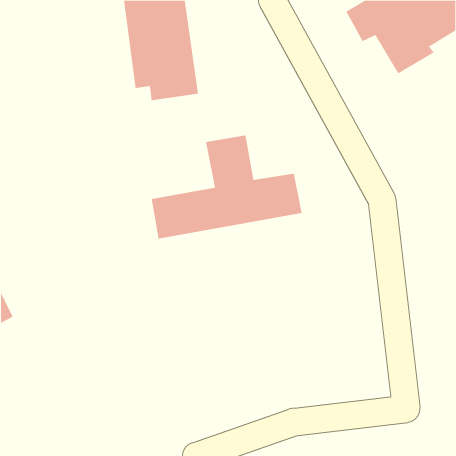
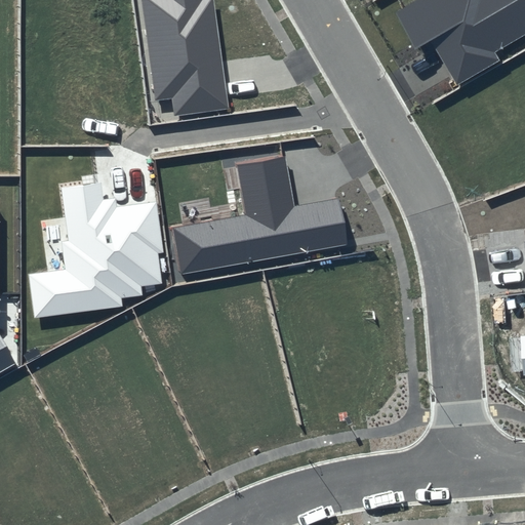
building: none -> [29,181,163,318]

